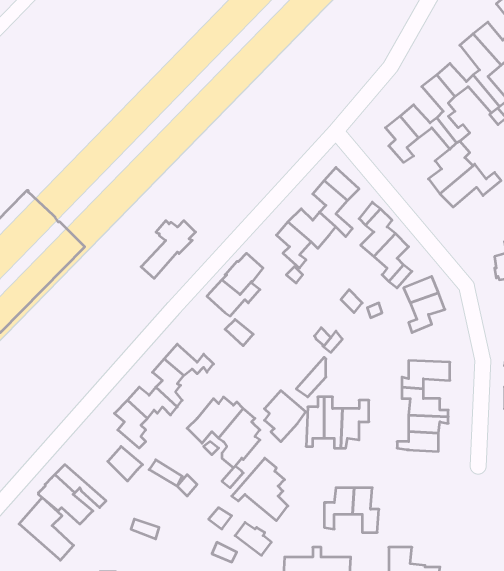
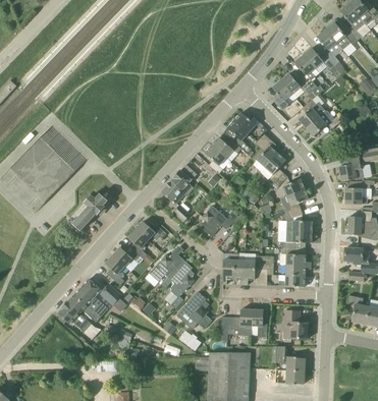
building: [141,221,196,278] -> [72,194,106,230]
building: none -> [282,209,312,232]
building: [264,391,306,442] -> [201,206,226,237]
building: none -> [283,310,307,339]
building: [19,498,74,560] -> [73,279,107,318]

